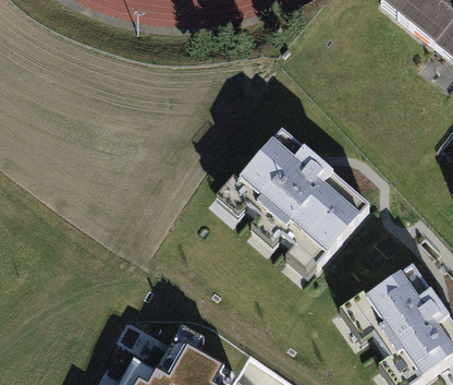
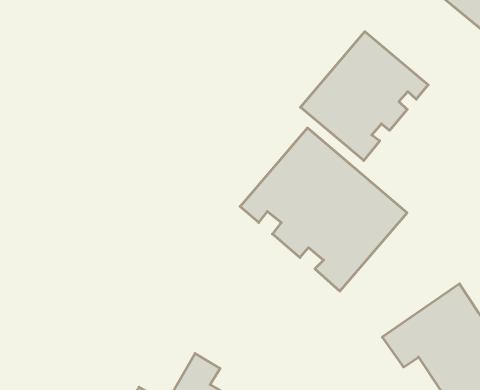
building: none -> [300,32,428,161]

